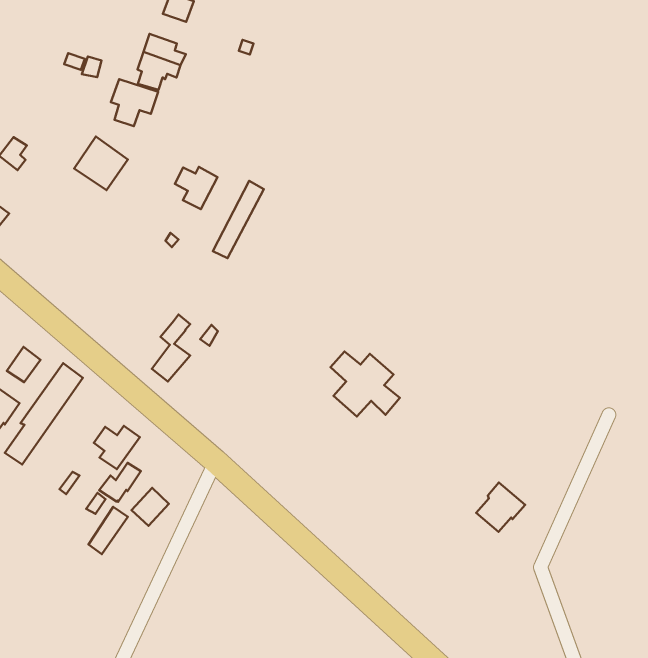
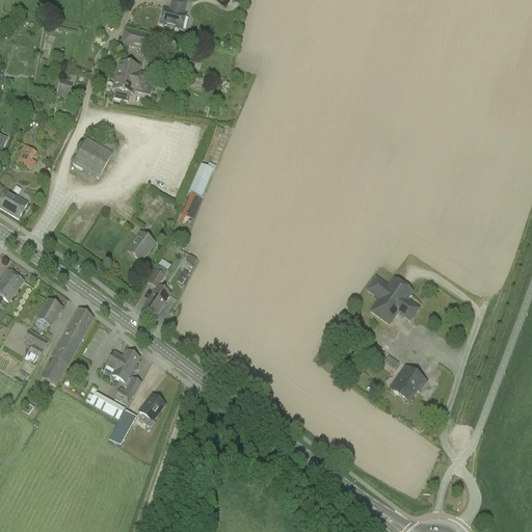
building: [111,79,158,126] -> none
building: [175,167,217,209] -> none
building: none -> [127,230,154,259]
building: [330,352,400,417] -> [366,275,419,322]

